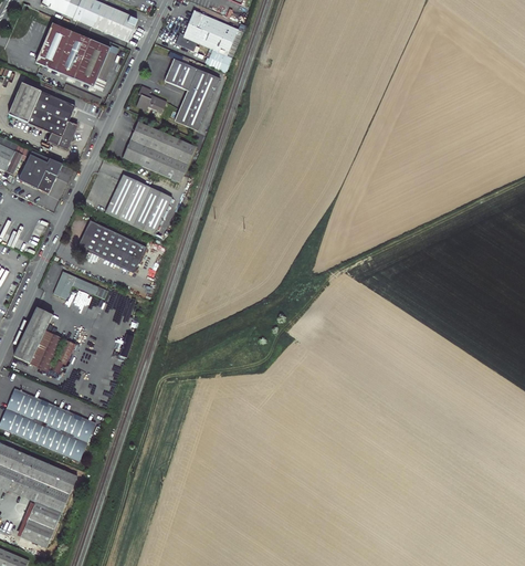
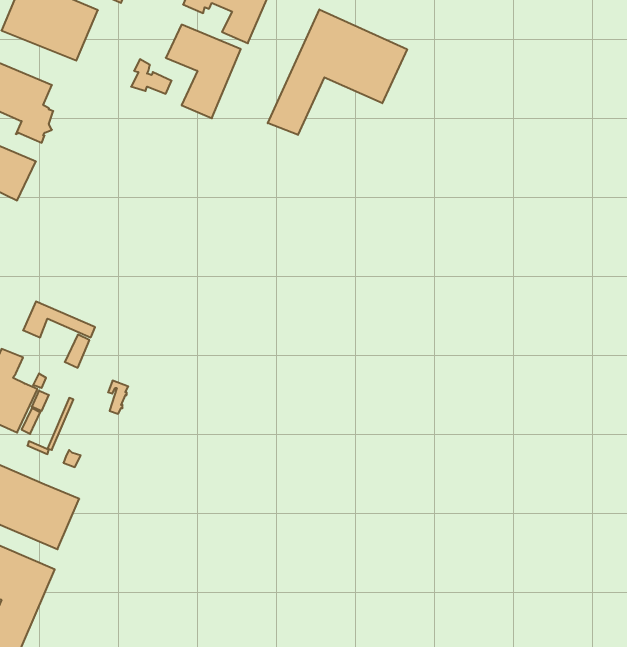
building: none -> [268,9,407,135]
building: [122,122,196,182] -> none
building: [104,174,171,234] -> none
building: [76,220,145,273] -> none

